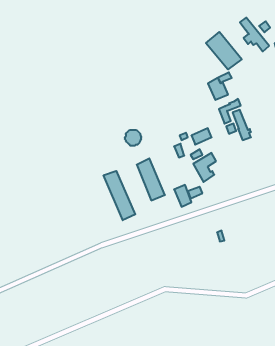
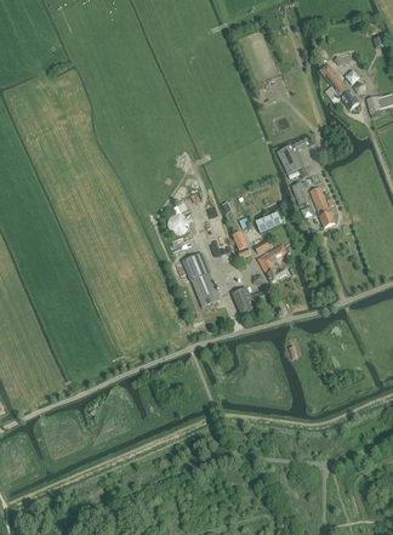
building: [206,32,242,69] -> none
building: [104,171,135,220] -> none

